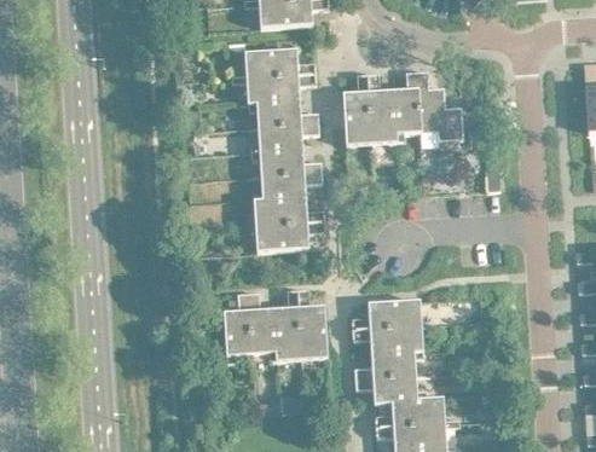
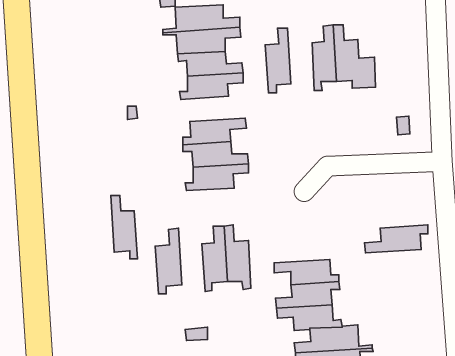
building: [368,74,397,143] -> none
building: [251,149,322,176] -> none
building: [249,292,278,361] -> [111,195,138,259]
building: [352,300,421,330] -> [365,225,428,253]

